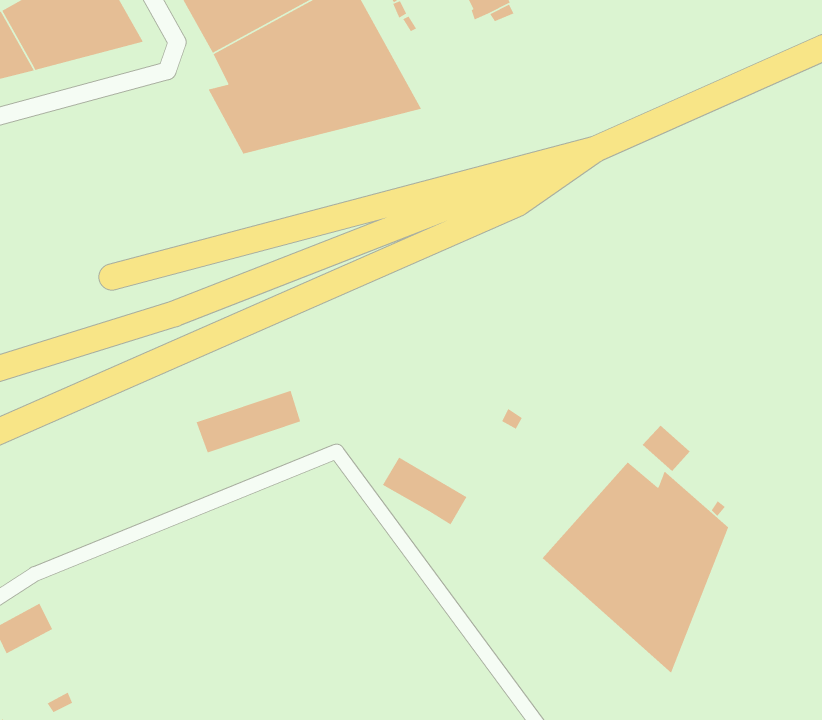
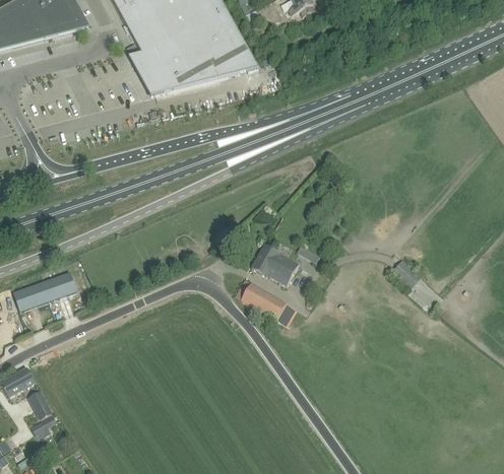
building: [196,390,301,454] -> [12,271,76,310]
building: none -> [252,244,300,284]
building: [542,461,729,674] -> none
building: none -> [28,389,53,419]

